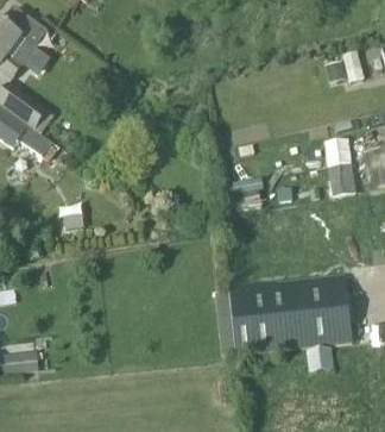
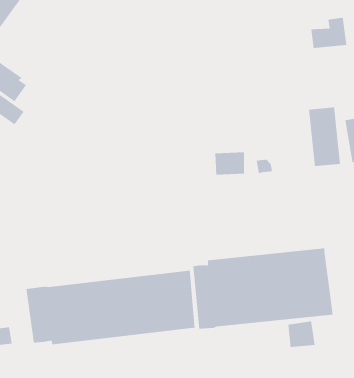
building: none -> [26,270,196,345]

